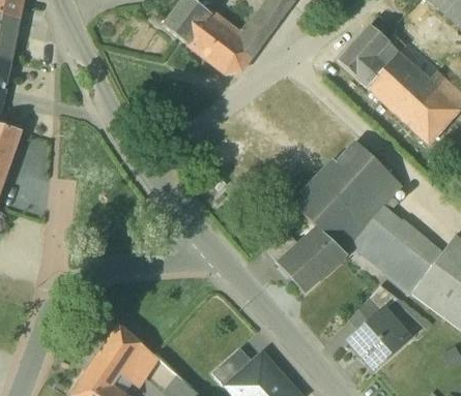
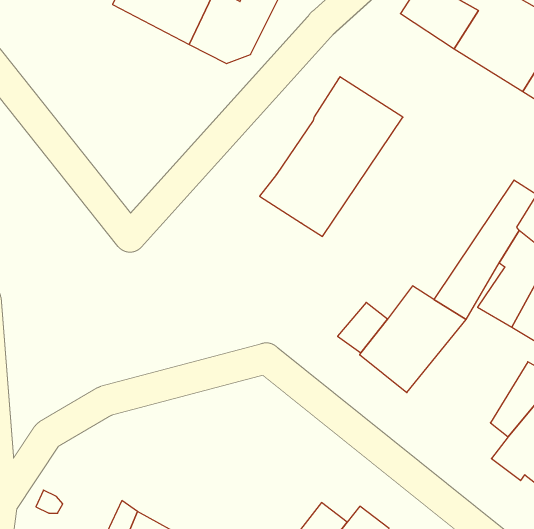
building: [294,142,390,237] -> [260,77,403,236]

